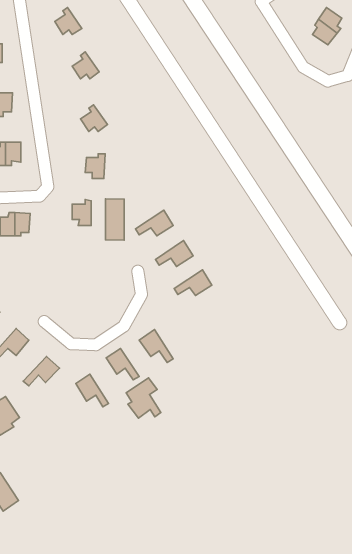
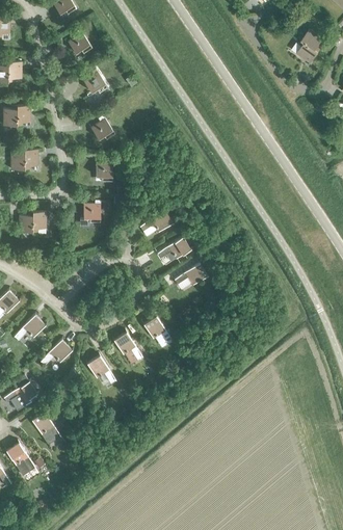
building: [105,199,124,240] -> none
building: [126,378,161,418] -> none
building: none -> [32,410,61,445]

